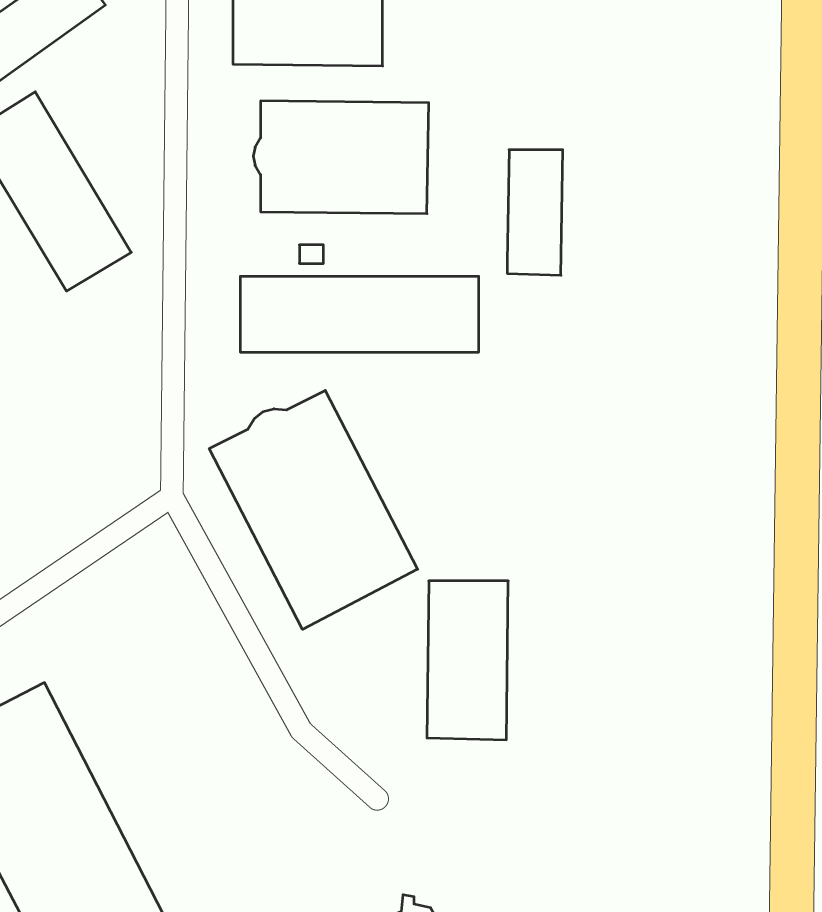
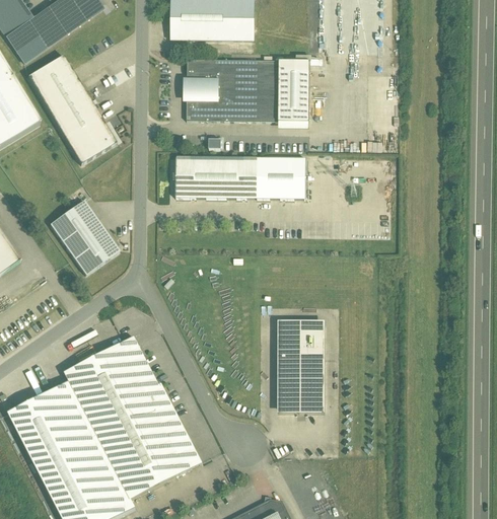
building: [507,150,563,275] -> [278,61,308,130]
building: none -> [48,201,117,275]
building: [209,390,418,629] -> none
building: none -> [64,337,202,500]

